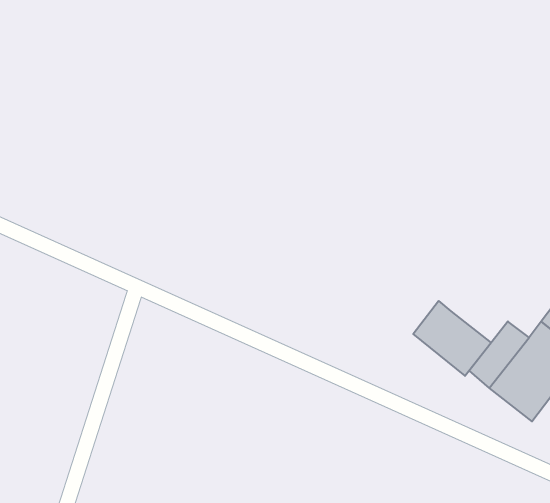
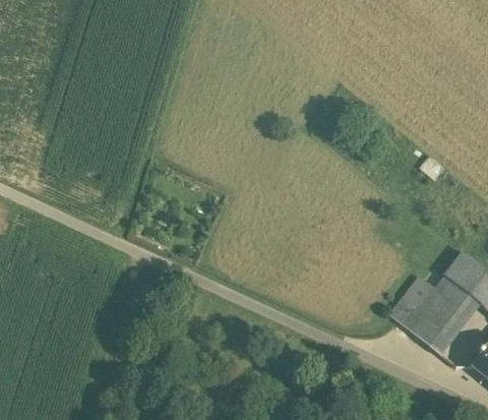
building: [413,301,491,376] -> none

